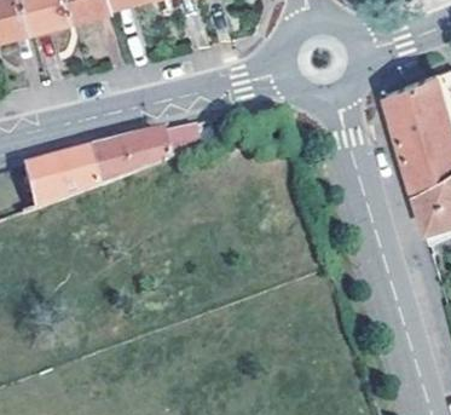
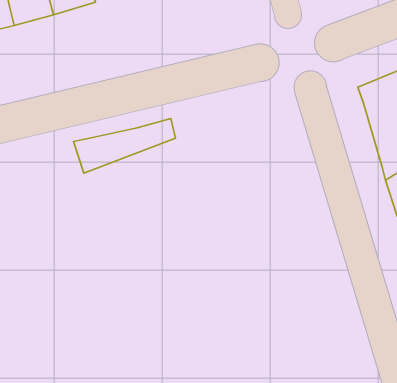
building: [24,155,99,212] -> none

